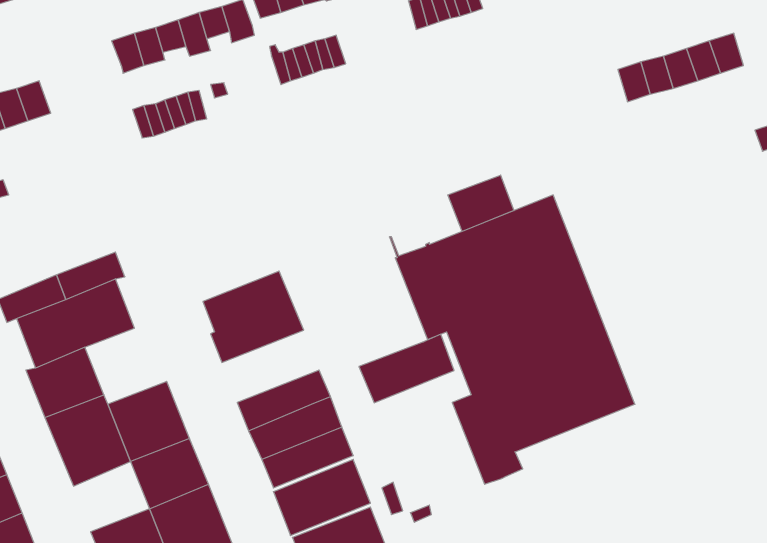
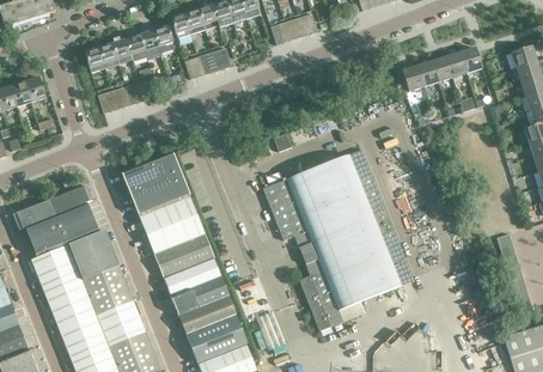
building: [448,175,514,231] -> none
building: none -> [121,151,190,217]
building: none -> [68,230,120,280]
building: [359,334,454,403] -> [154,233,214,276]
building: none -> [61,316,109,360]

